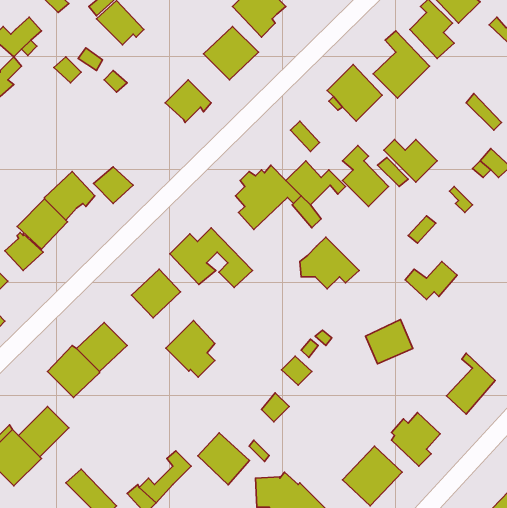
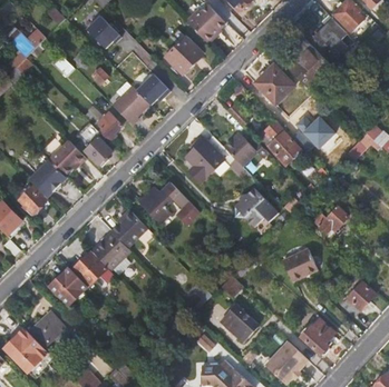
building: none -> [113,80,149,123]
building: none -> [84,110,121,141]
building: [166,321,215,377] -> [91,230,127,271]
building: [198,433,250,485] -> [221,304,259,341]

